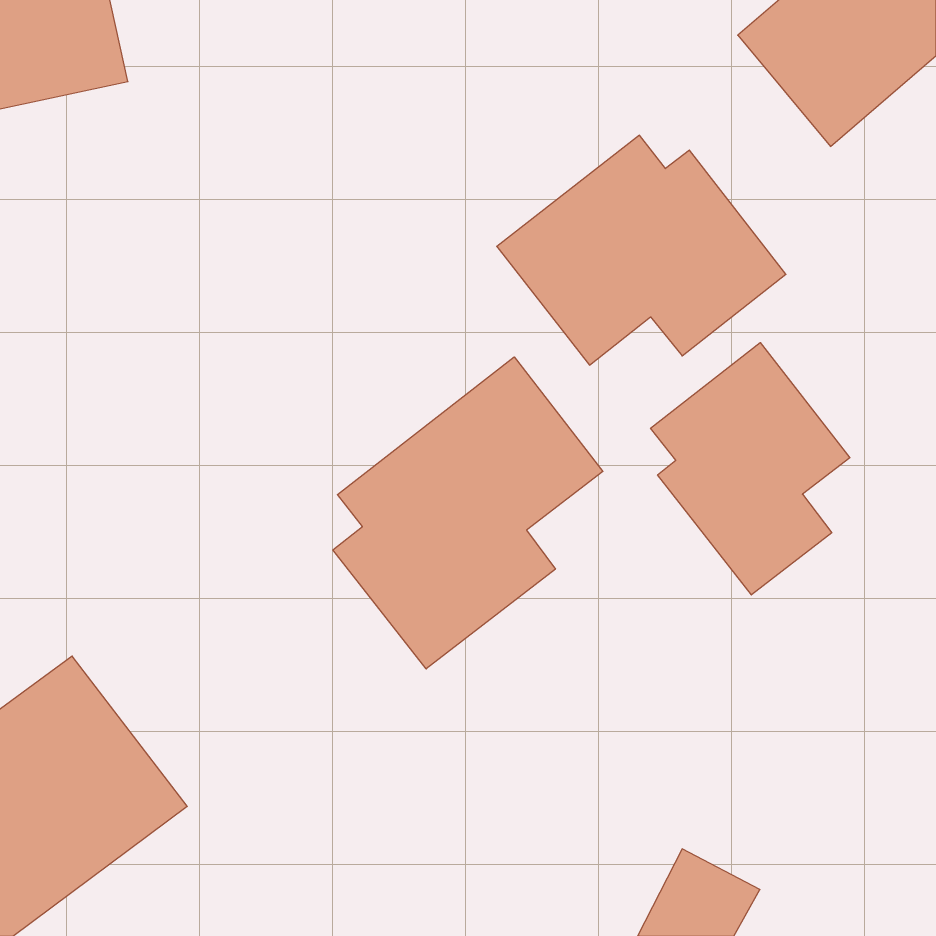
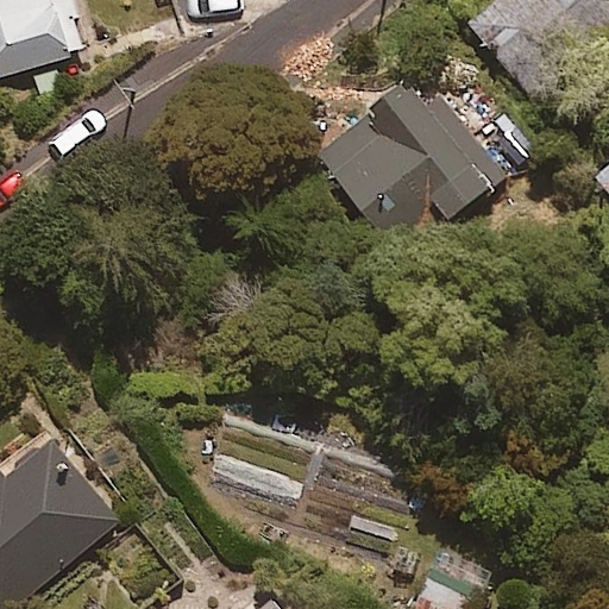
building: [651,343,850,595] -> none
building: [333,357,603,669] -> none

